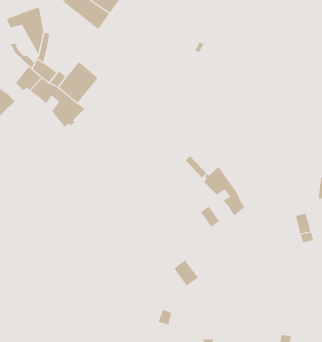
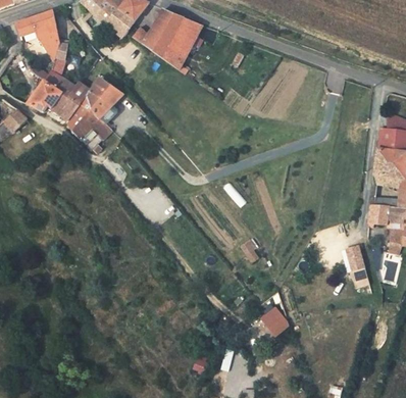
building: none -> [137,8,208,77]
building: [203,166,245,216] -> none
building: [174,259,199,286] -> [260,305,289,336]

